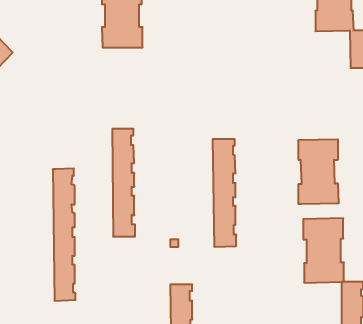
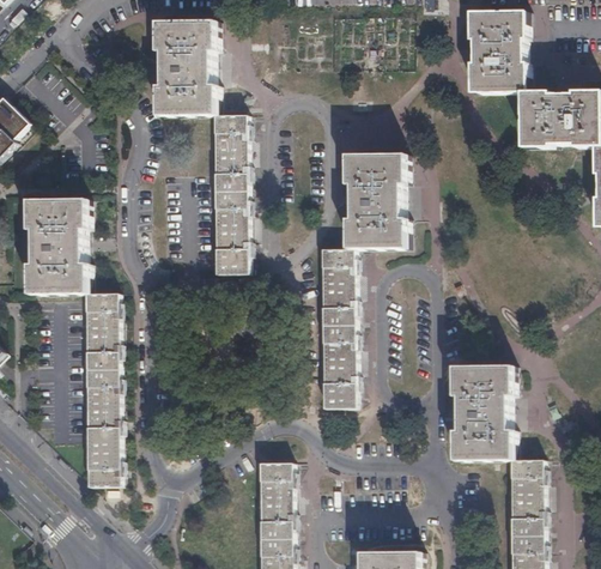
building: none -> [29,199,90,293]
building: [112,129,135,237] -> [214,115,248,273]
building: [298,139,339,204] -> [348,155,408,249]

